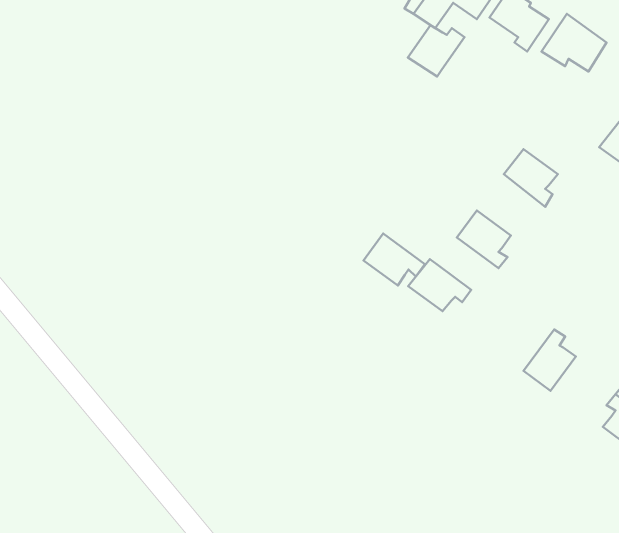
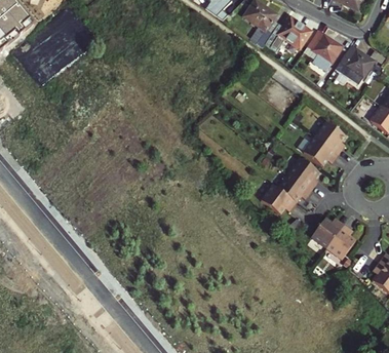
building: [408,25,464,76] -> none
building: none -> [303,135,338,165]
building: [363,233,425,286] -> [276,171,311,201]
building: none -> [310,217,343,247]

